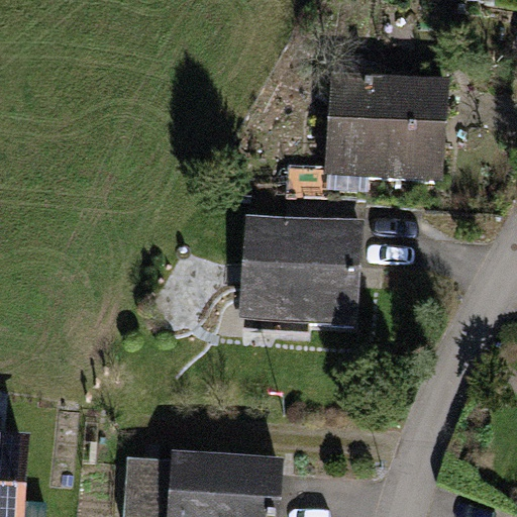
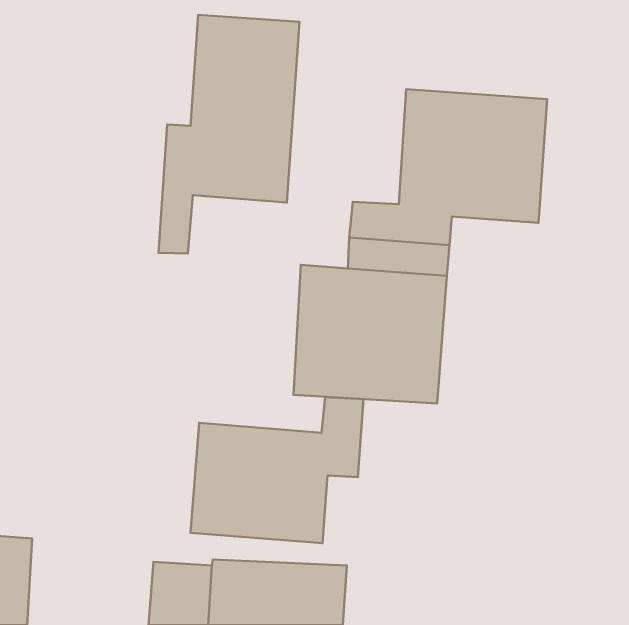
building: none -> [158,15,299,254]
building: none -> [191,397,364,543]

